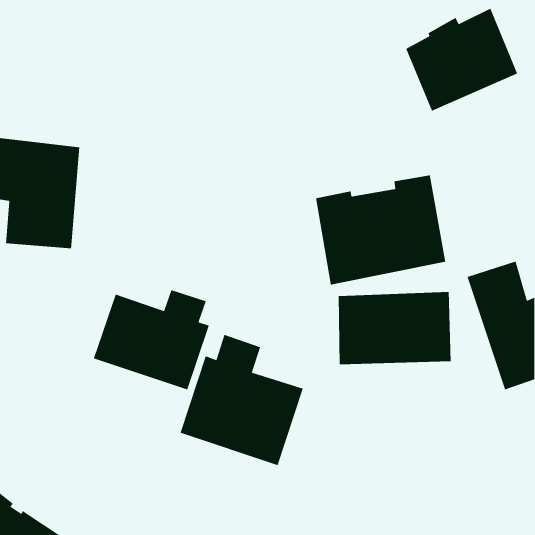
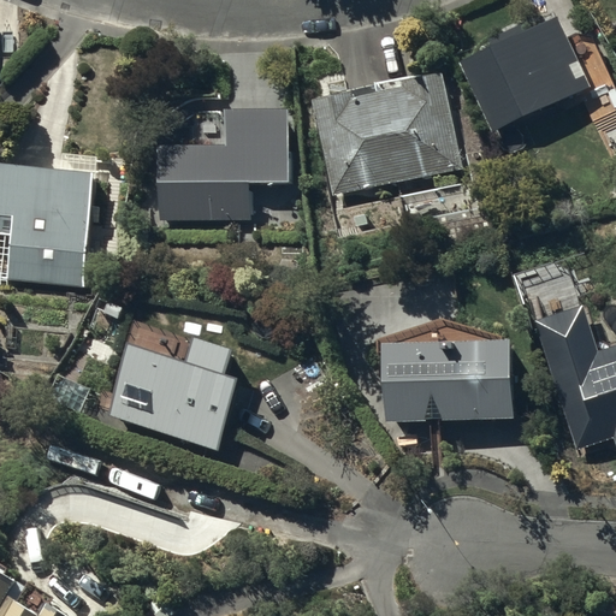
building: none -> [158,107,289,221]
building: [315,175,446,285] -> [312,72,461,199]
building: [180,334,304,466] -> none

